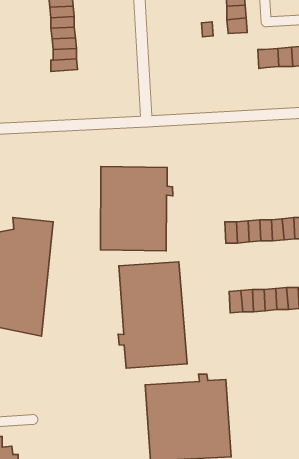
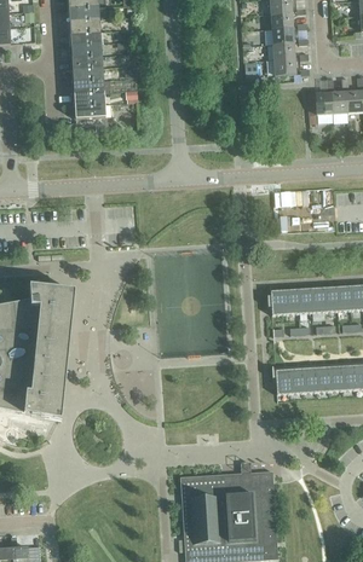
building: [101,167,173,251] -> none
building: [118,262,187,368] -> none

